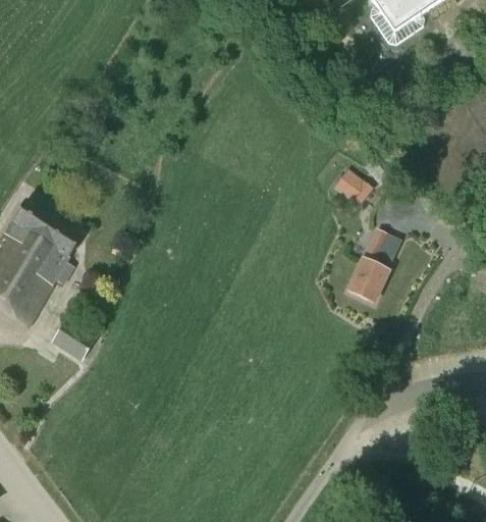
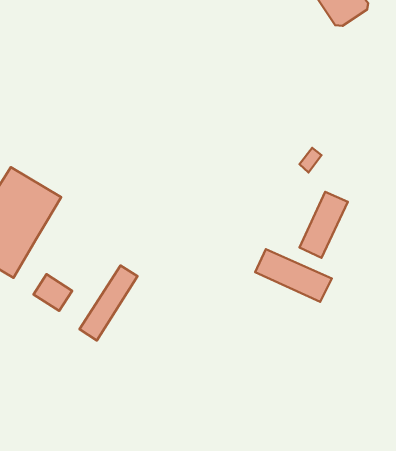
building: none -> [255,249,332,302]
building: none -> [80,265,137,341]

